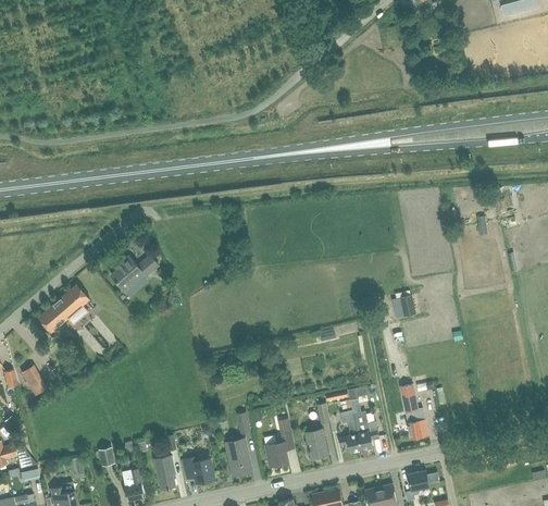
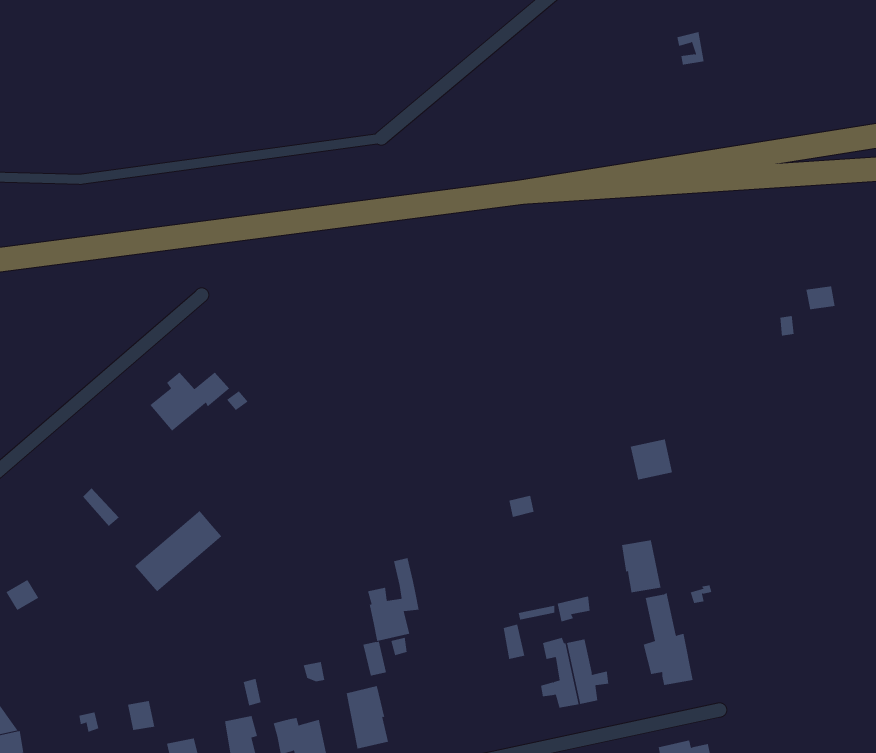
building: [38,285,89,333] -> [134,510,222,592]
building: none -> [621,540,661,593]
building: [263,418,294,467] -> [367,557,419,641]
building: [303,429,327,458] -> none

